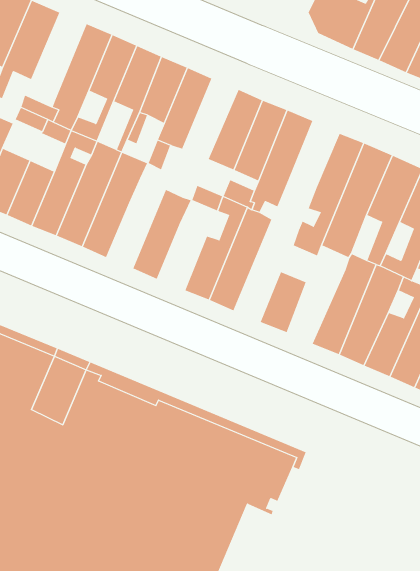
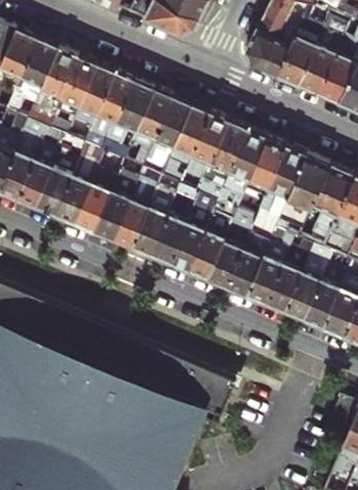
building: none -> [35,50,78,116]
building: none -> [150,99,191,160]
building: none -> [230,131,267,181]
building: none -> [93,174,138,241]
building: none -> [188,205,236,281]
building: none -> [131,208,168,258]
building: none -> [228,236,271,298]

